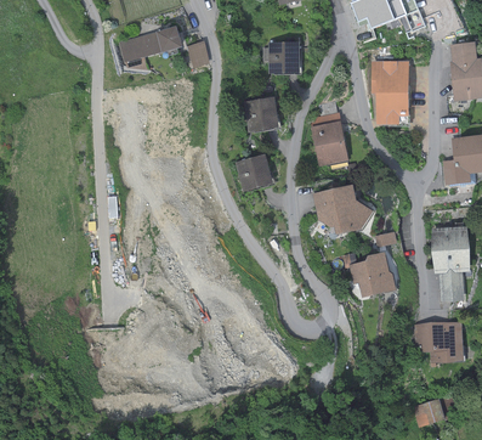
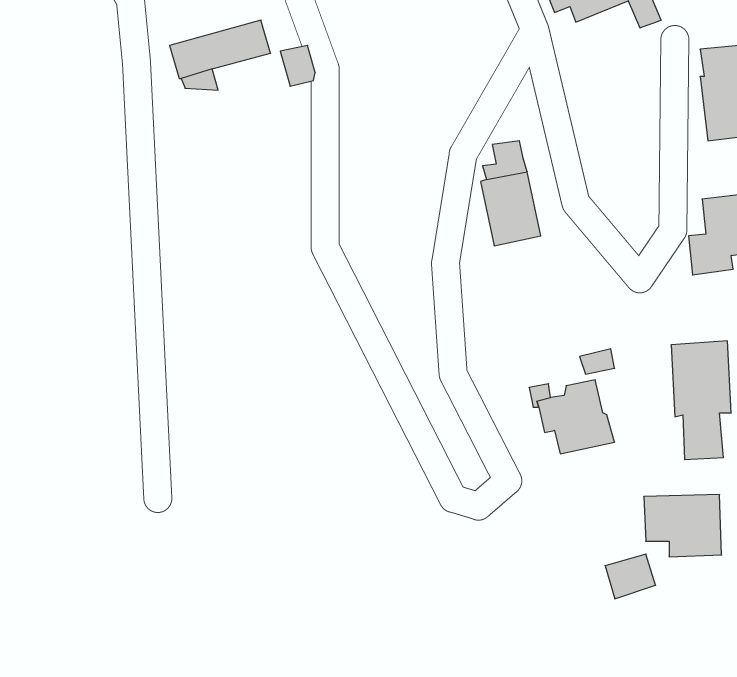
building: [262,41,299,73] -> none
building: [370,60,408,124] -> none
building: [243,96,277,131] -> none
building: [234,153,272,191] -> none
building: [312,185,372,233] -> none
building: [413,399,444,427] -> [605,554,656,599]

